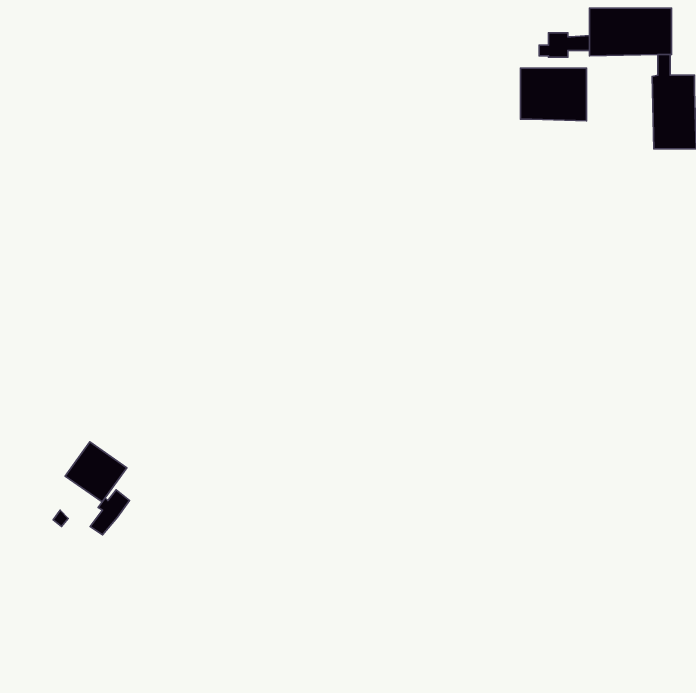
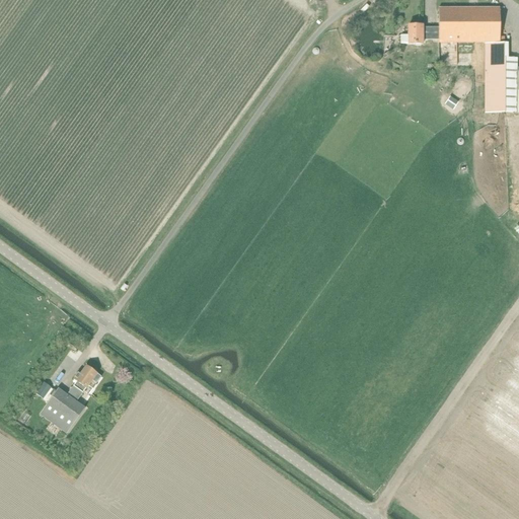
building: [520,68,587,121] -> none
building: [65,442,127,502] -> [40,387,85,432]

